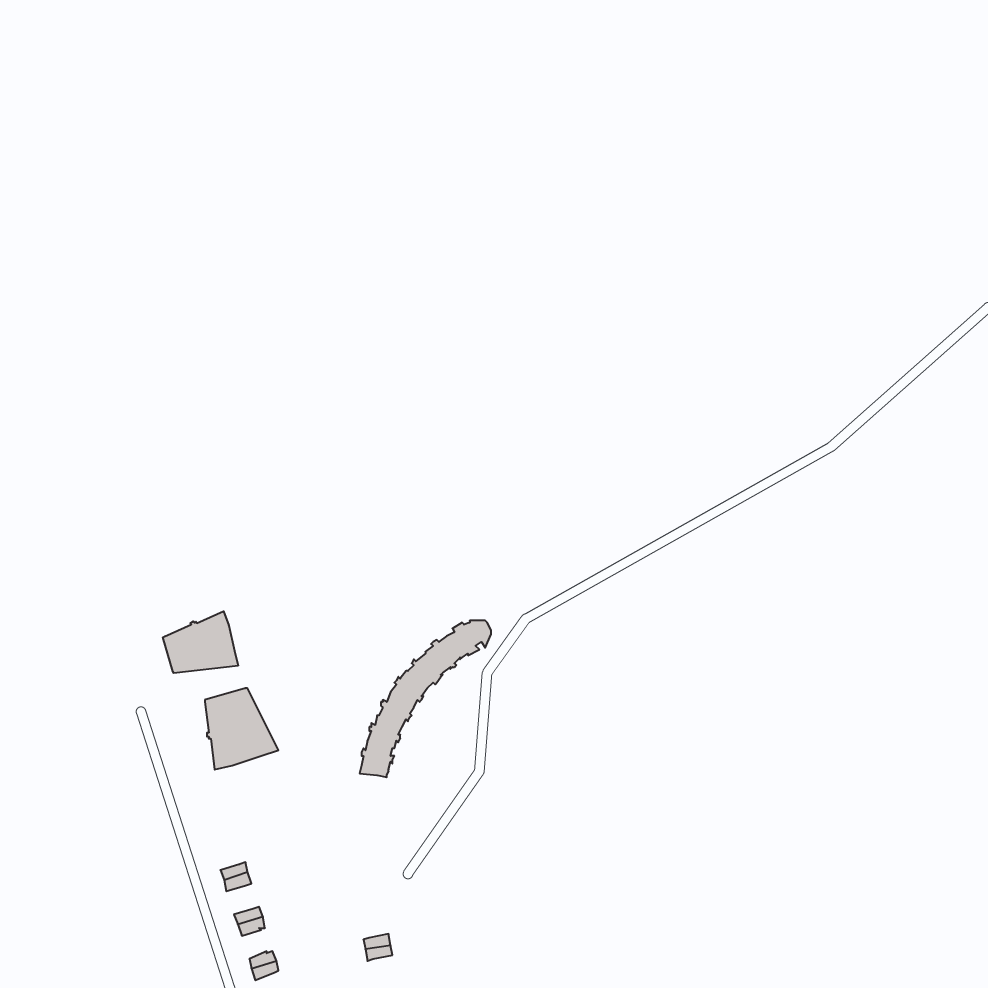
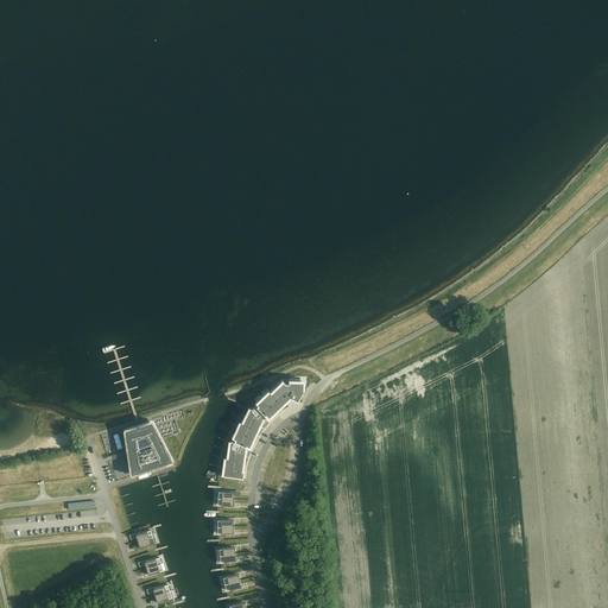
building: [163,611,238,673] -> none

